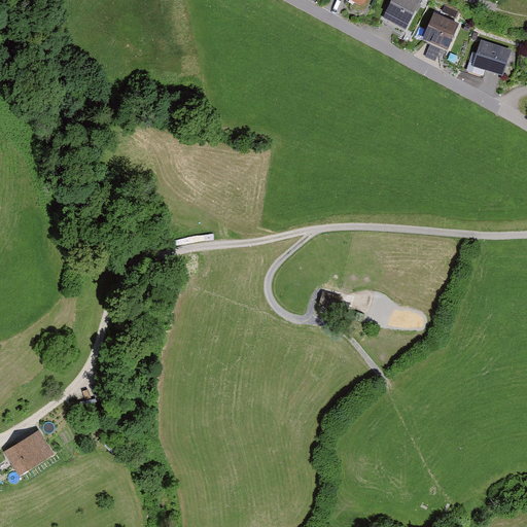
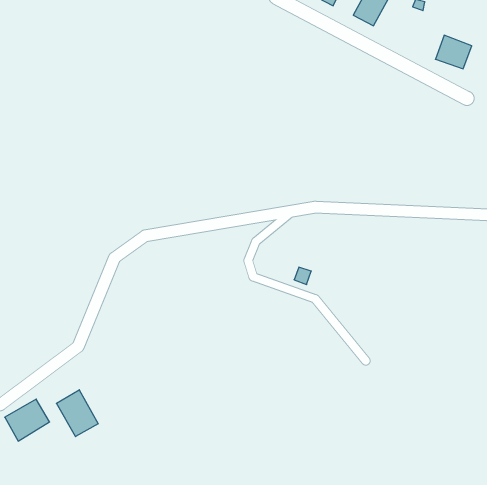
building: [421,13,457,50] -> none
building: none -> [56,390,98,437]

